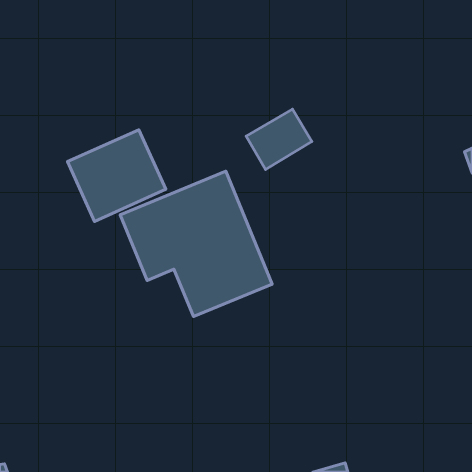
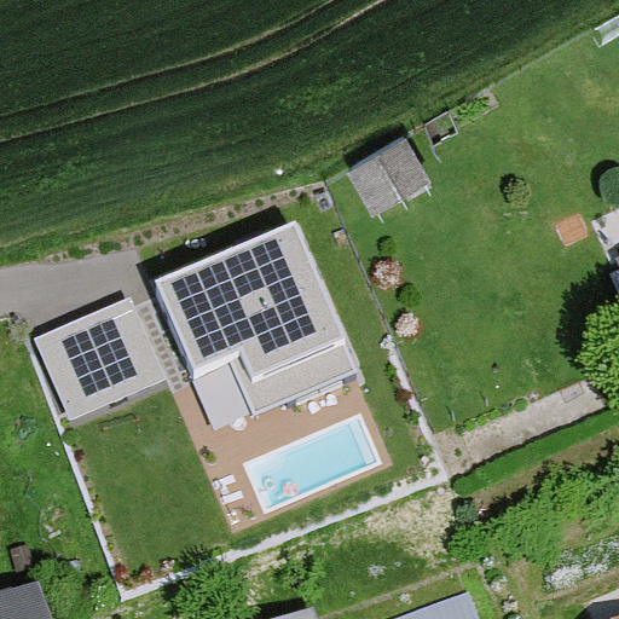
building: [68,130,166,222] -> [35,300,163,420]

